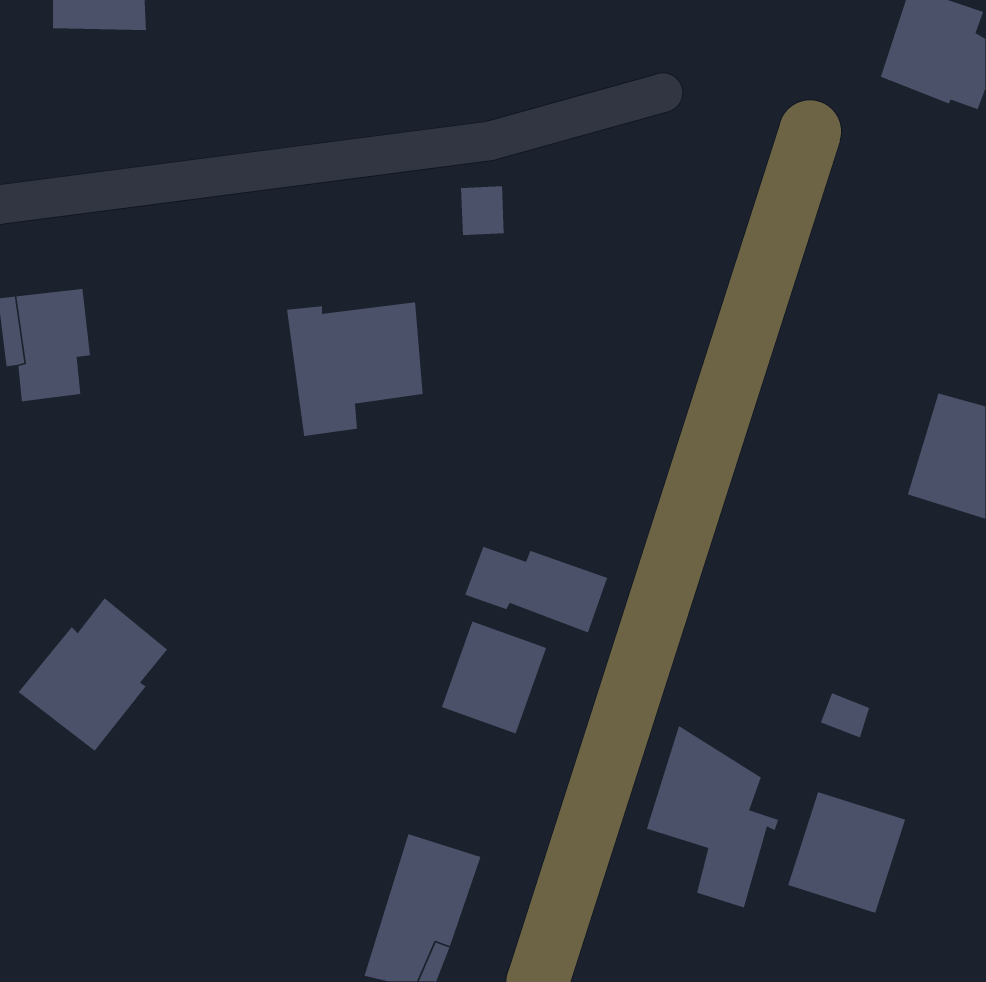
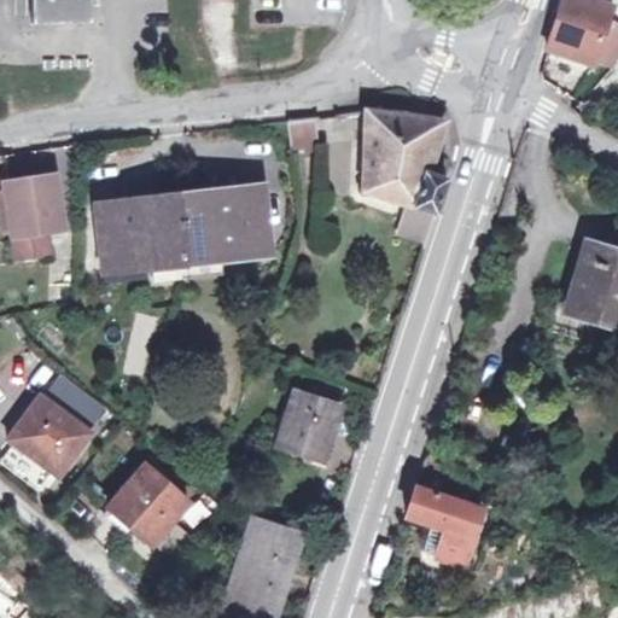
building: none -> [363,110,444,211]
building: none -> [100,193,190,278]
building: [464,546,608,634] -> none
building: none -> [104,462,190,541]
building: [787,791,906,914] -> none

